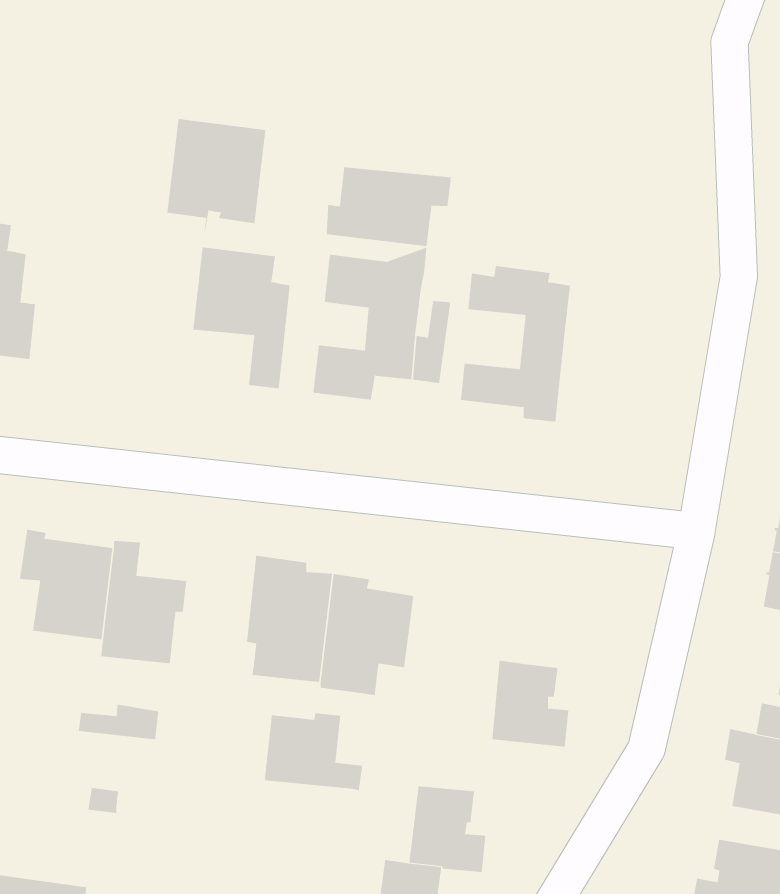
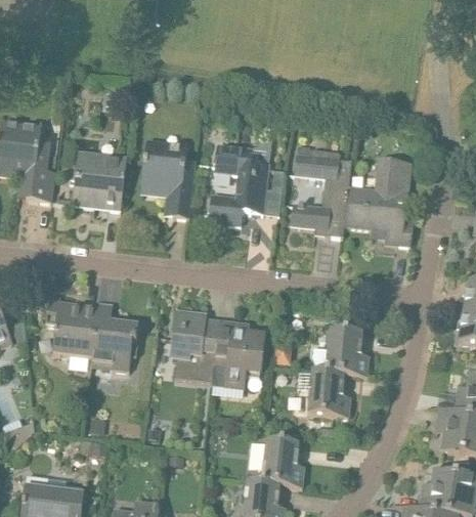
building: [167,119,266,233] -> [72,152,127,215]
building: [326,166,452,247] -> none
building: none -> [344,158,414,245]
building: none -> [311,328,369,376]
building: [78,704,159,740] -> none
building: [264,712,363,791] -> none

